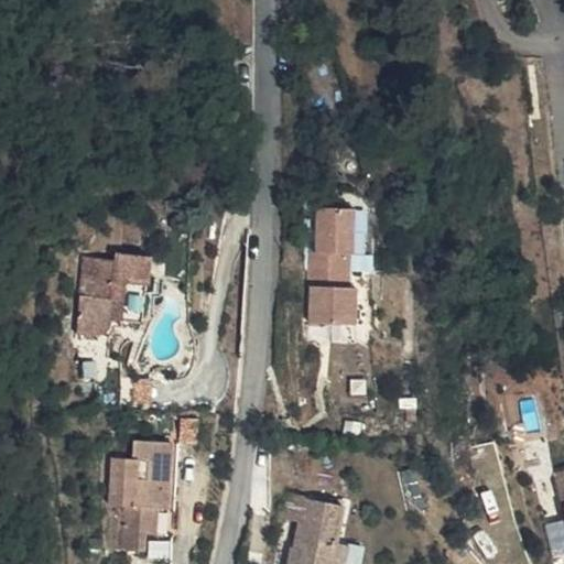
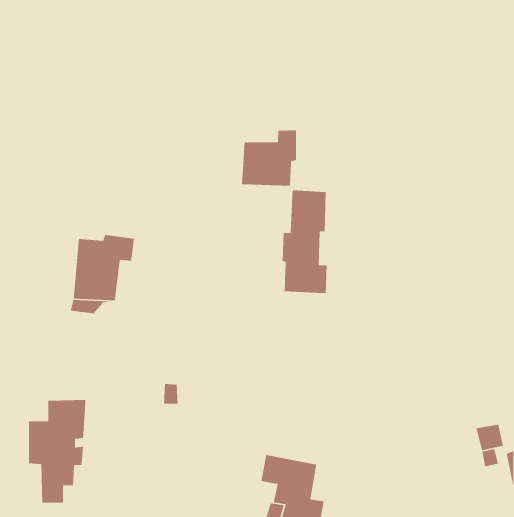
building: none -> [241,130,297,187]
building: [110,440,173,553] -> [28,399,86,503]

